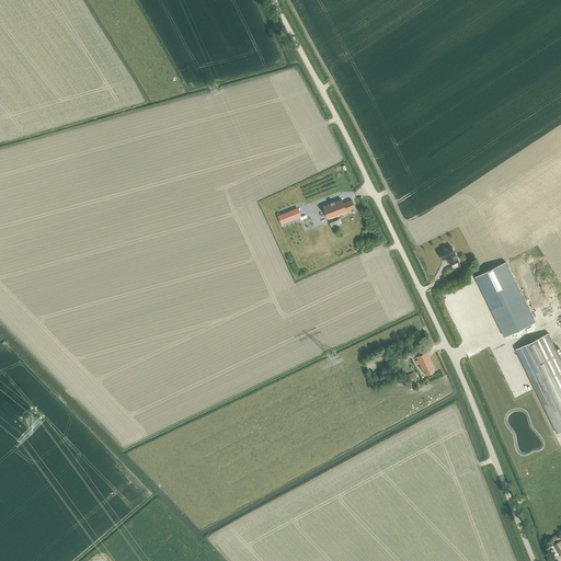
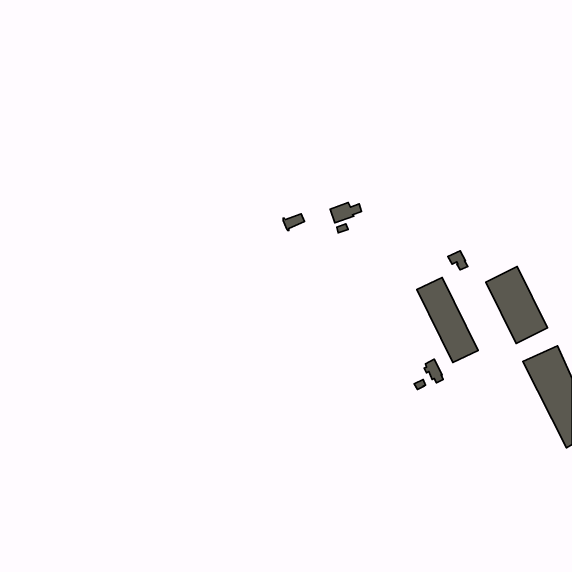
building: none -> [417,278,478,363]

